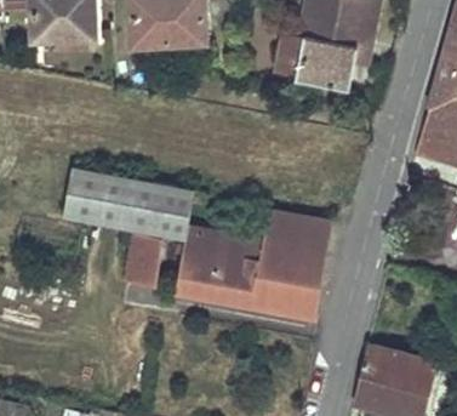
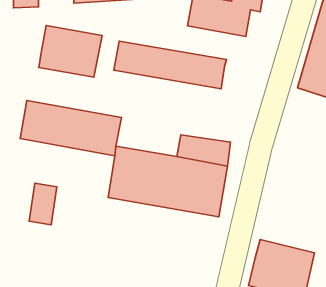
building: none -> [39,25,102,77]
building: none -> [114,41,227,89]
building: [127,234,162,287] -> [29,183,57,225]

